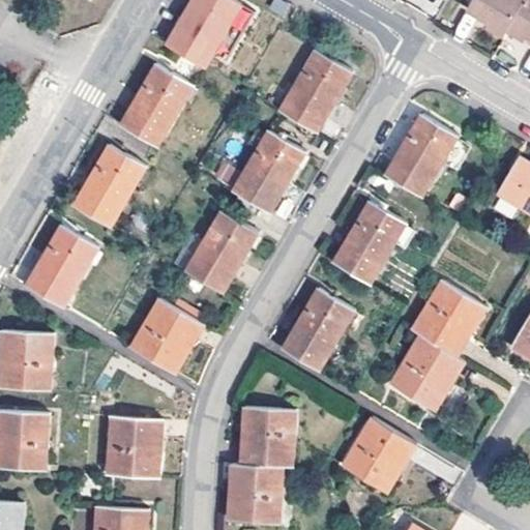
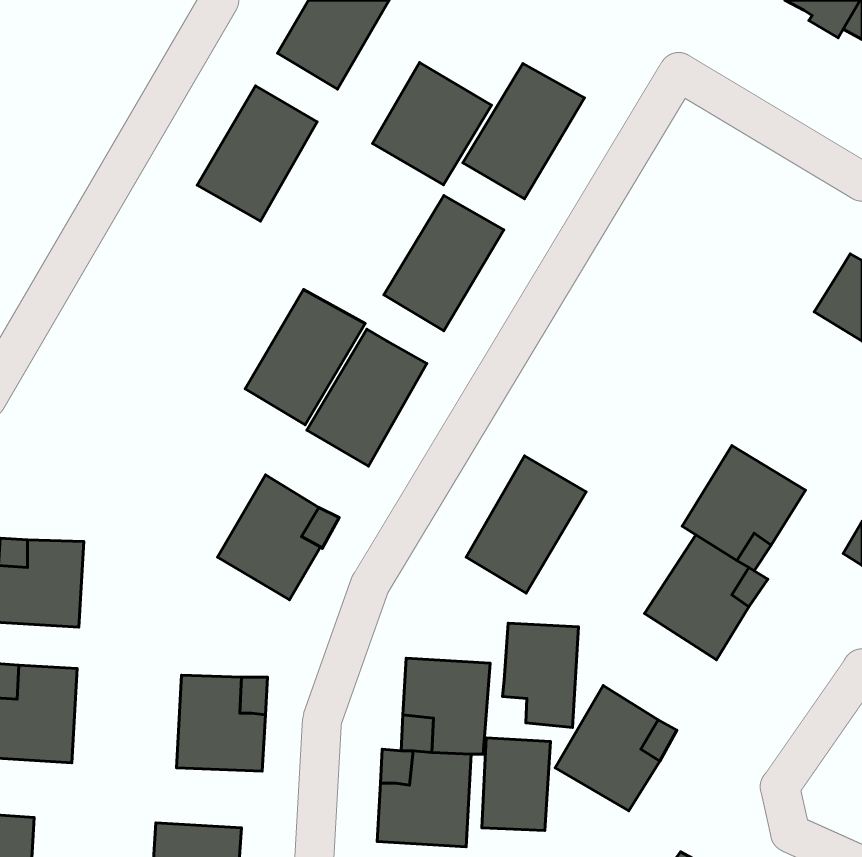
building: none -> [372,62,491,185]
building: [384,113,458,196] -> none
building: [73,145,146,227] -> [245,289,365,425]
building: [333,199,406,283] -> none
building: [26,227,98,307] -> none
building: none -> [503,623,579,727]
building: none -> [482,738,551,831]

